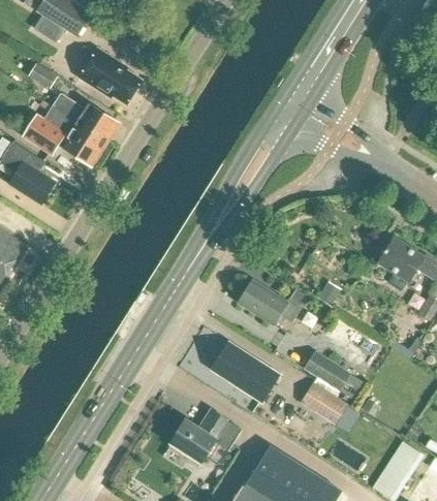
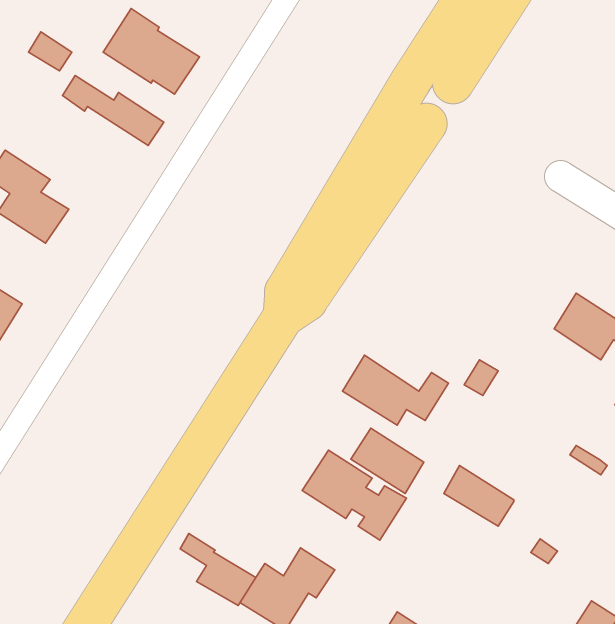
building: [23,106,108,166] -> none
building: [300,382,348,426] -> [351,428,424,493]
building: none -> [180,533,256,605]

